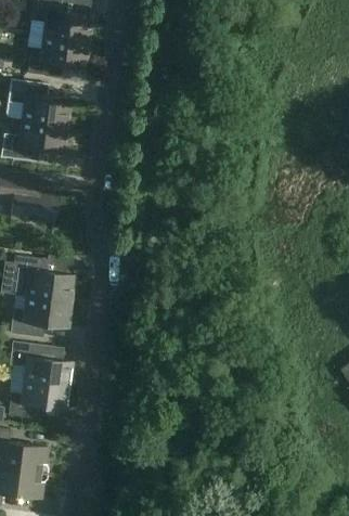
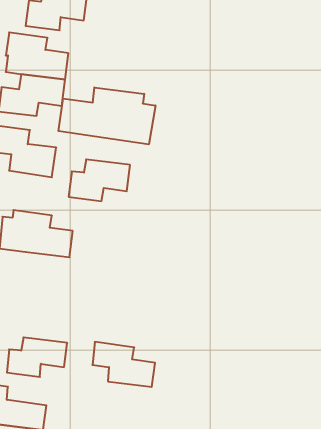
building: none -> [58,87,155,144]
building: [10,296,70,337] -> [69,159,130,201]
building: [10,341,72,386] -> [92,342,155,387]

